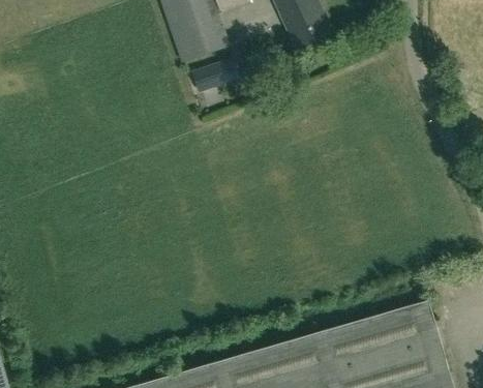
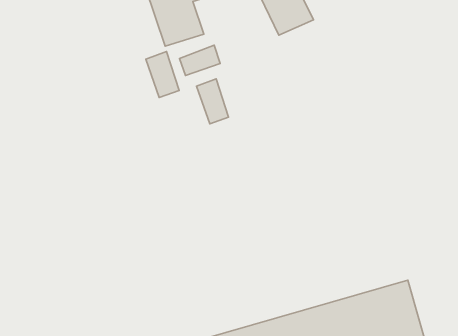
building: none -> [146,52,179,97]
building: none -> [196,79,229,124]

